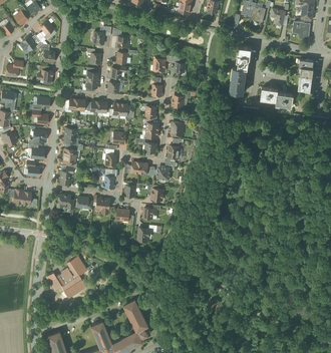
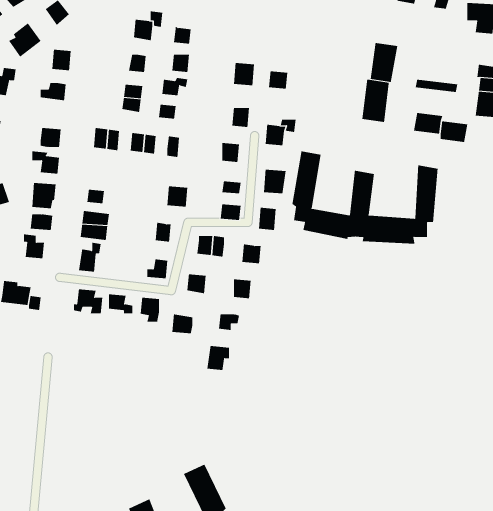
building: none -> [292,150,438,244]
building: [48,261,86,298] -> none

